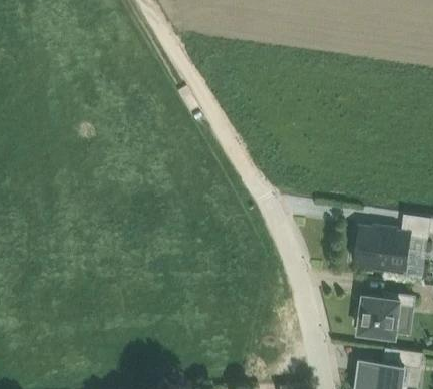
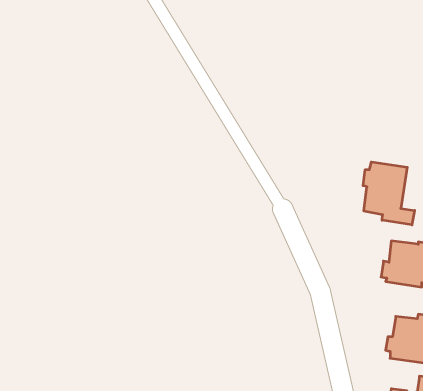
building: none -> [363,162,415,225]

